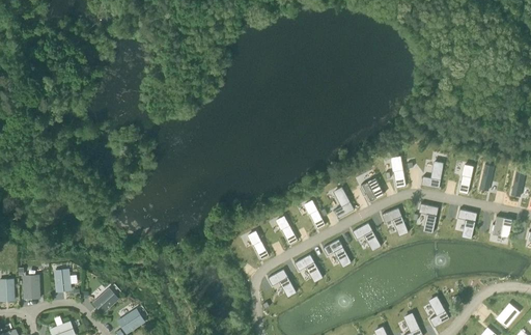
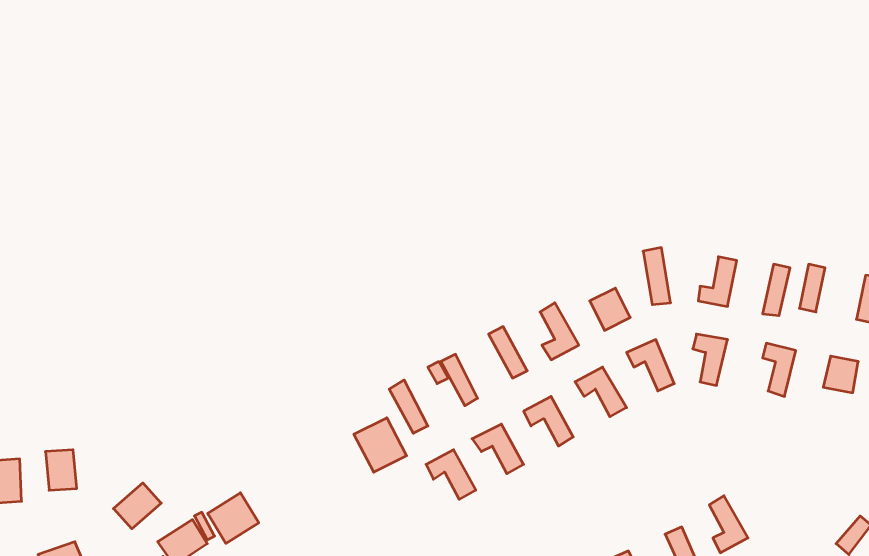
building: none -> [354,418,407,472]
building: none -> [208,493,259,543]

